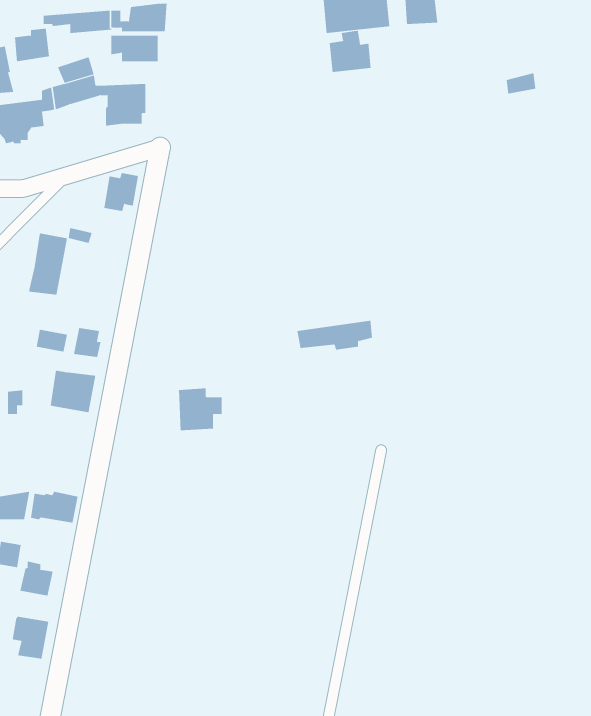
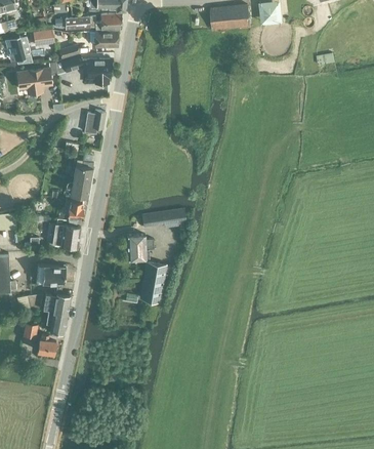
building: [329,30,371,73] -> none
building: [29,233,68,295] -> [70,159,92,195]
building: [296,320,373,350] -> [142,209,186,227]
building: none -> [139,260,171,301]
building: none -> [35,264,65,283]
building: [12,616,49,659] -> [45,309,67,333]

